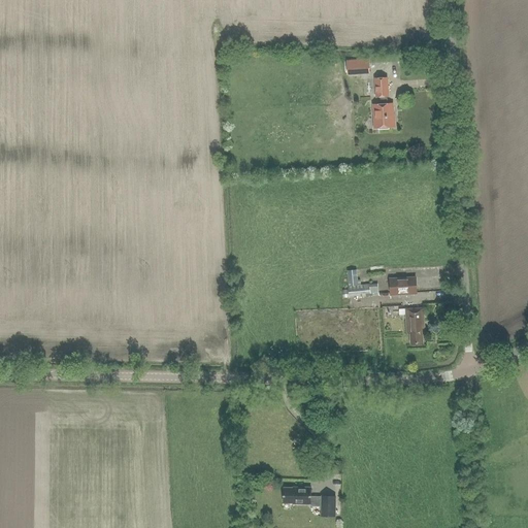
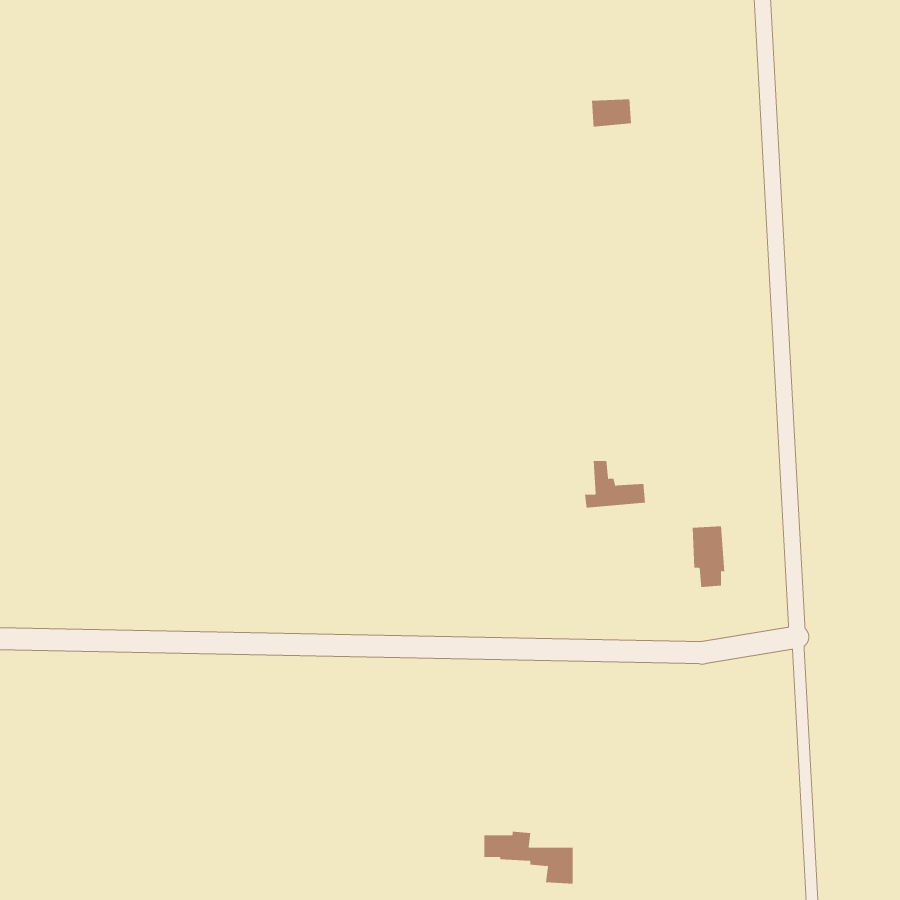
building: [373,77,394,127] -> none
building: [388,275,417,295] -> none

